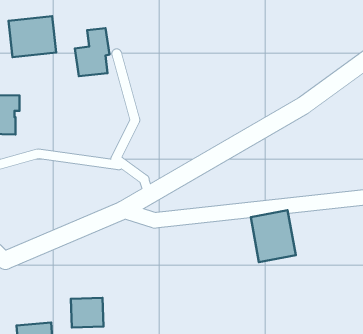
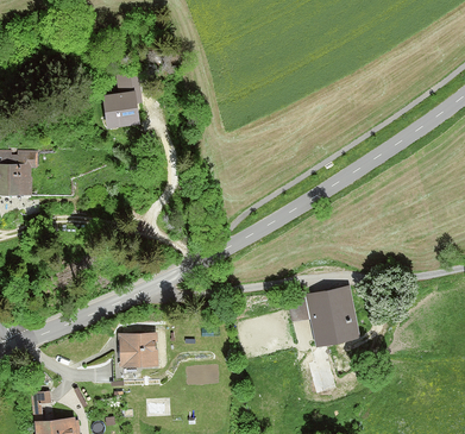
building: [9,16,56,57] -> none
building: [71,298,104,328] -> [119,332,157,366]

